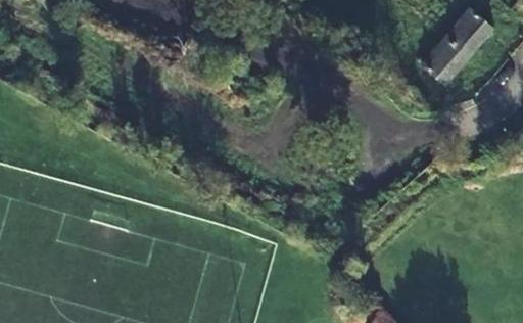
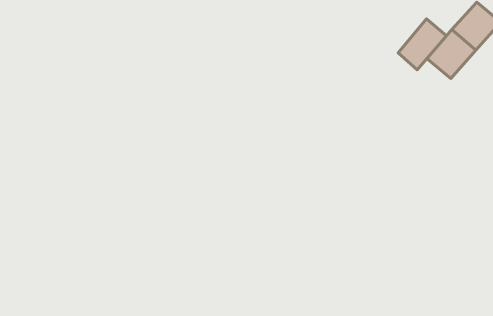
building: none -> [398,19,446,70]

